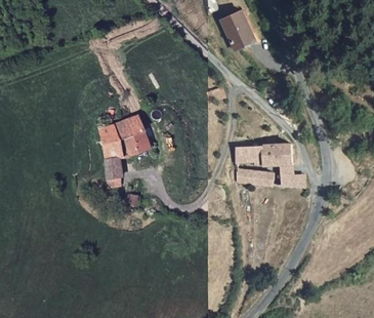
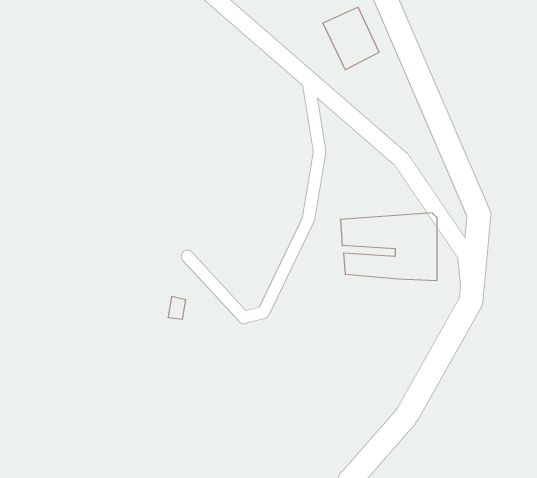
building: [99,119,150,182] -> none

